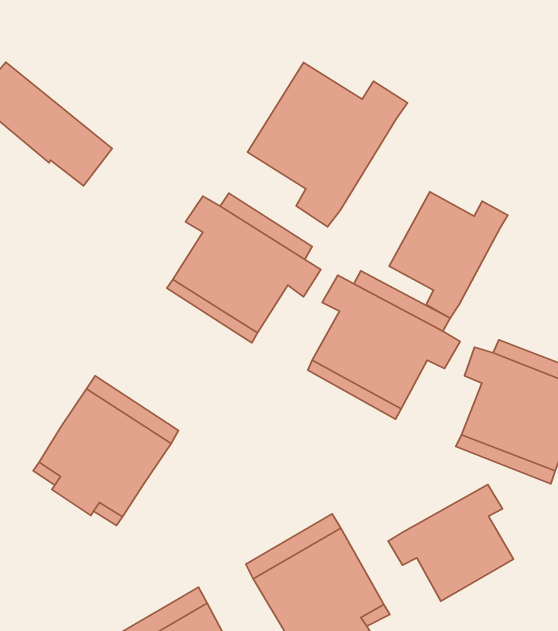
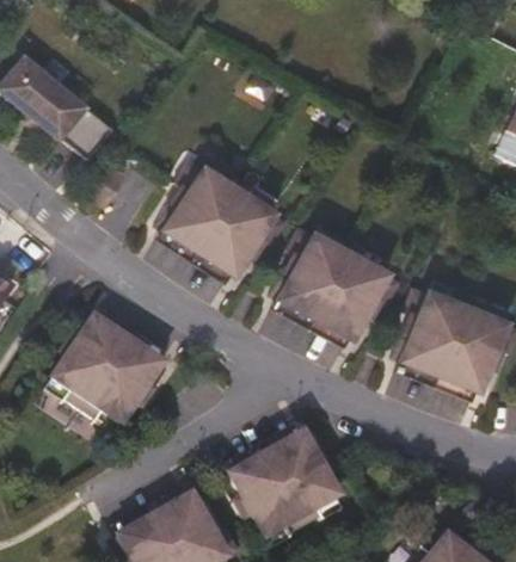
building: [247,63,407,227] -> none
building: [389,192,508,318] -> none
building: [388,485,514,601] -> none

